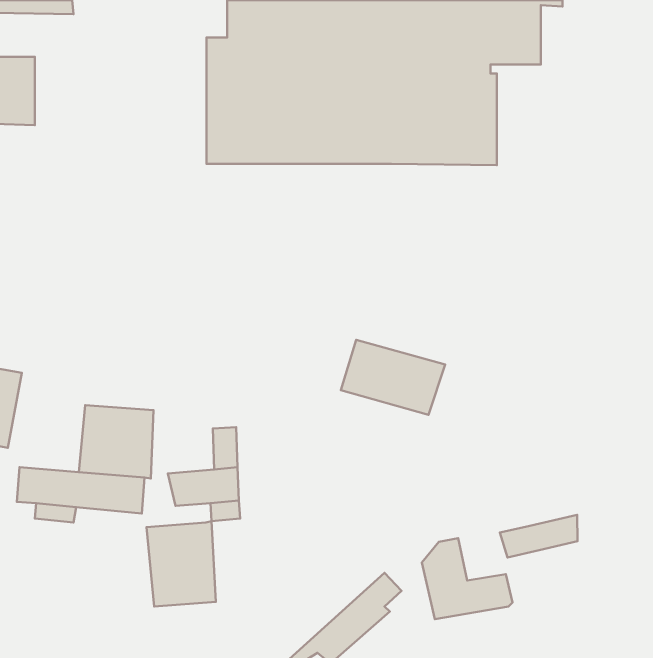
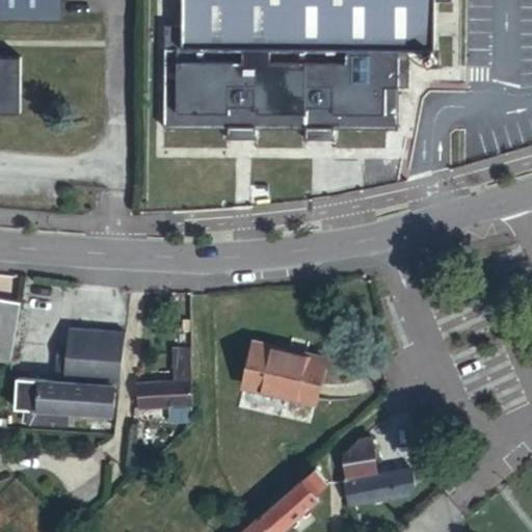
building: [341,340,445,415] -> [230,341,314,401]
building: [500,515,578,558] -> none
building: [147,521,216,607] -> none

